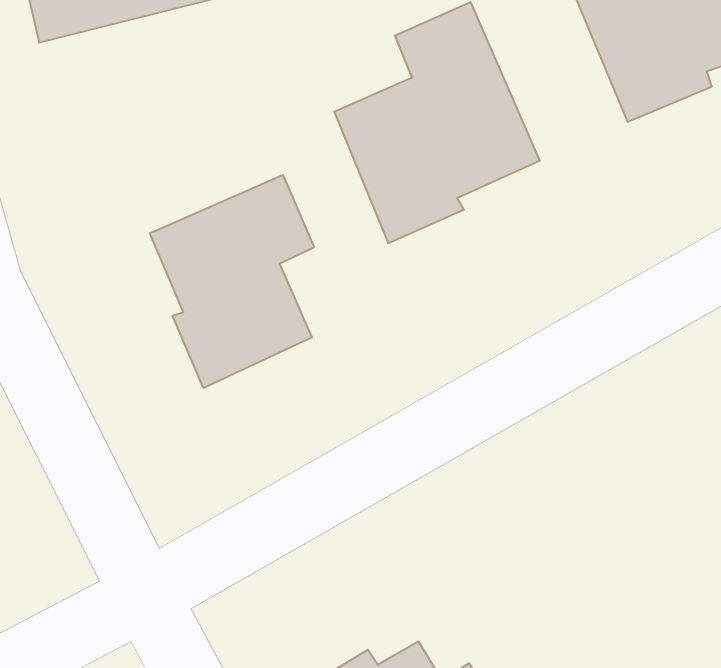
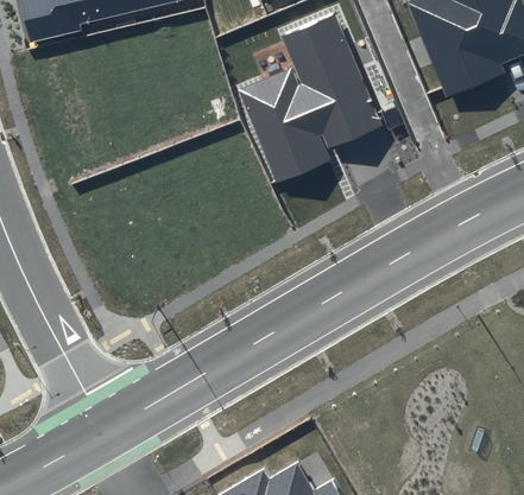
building: [150,175,314,388] -> none

